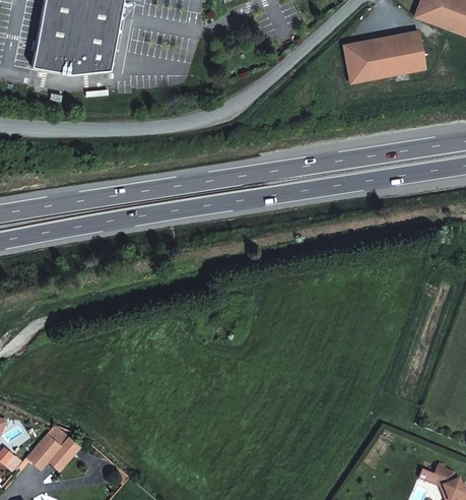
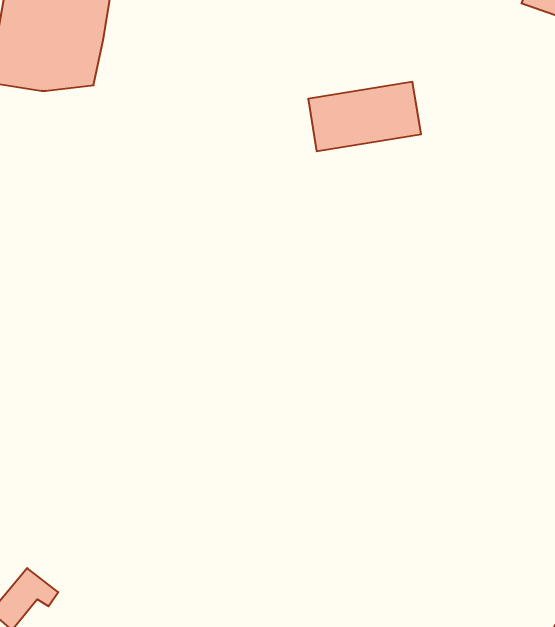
building: [342,33,423,82] -> [308,82,421,151]

